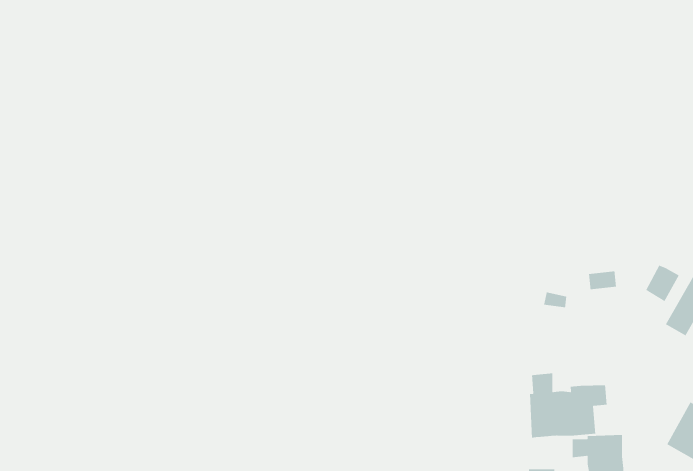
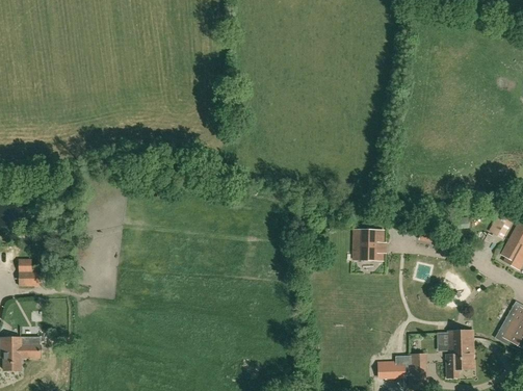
building: none -> [352,229,383,260]
building: [529,373,608,438] -> none

